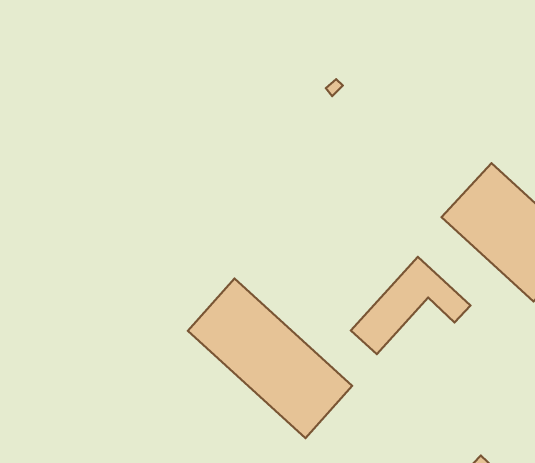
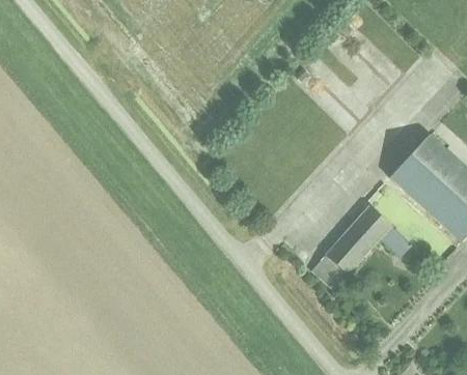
building: [188,279,352,438] -> none

